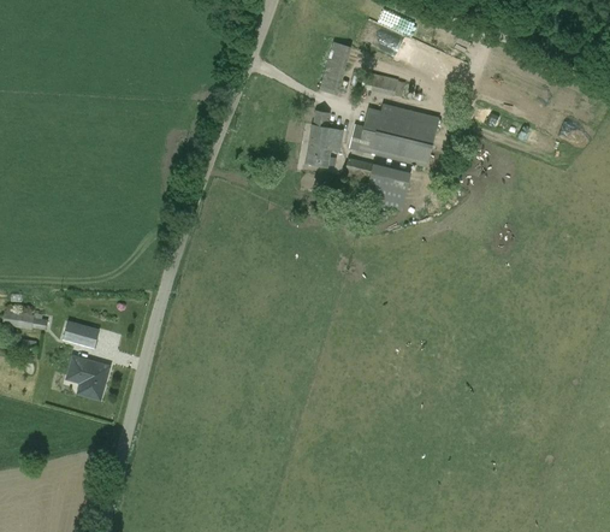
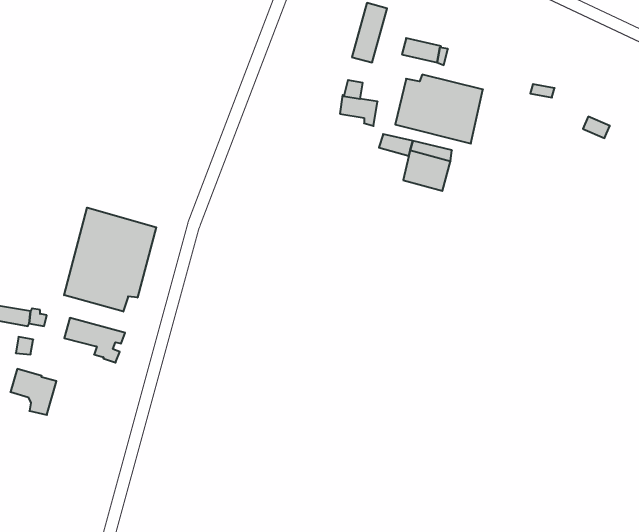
building: [304,140,336,167] -> none
building: none -> [64,208,156,312]
building: [67,356,108,397] -> [10,369,56,415]

